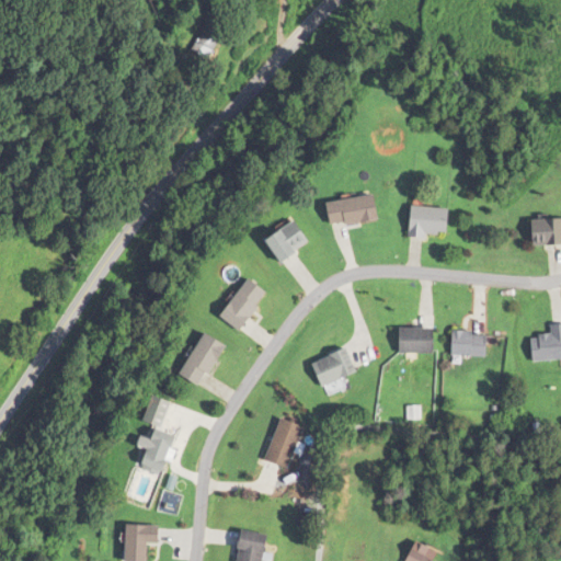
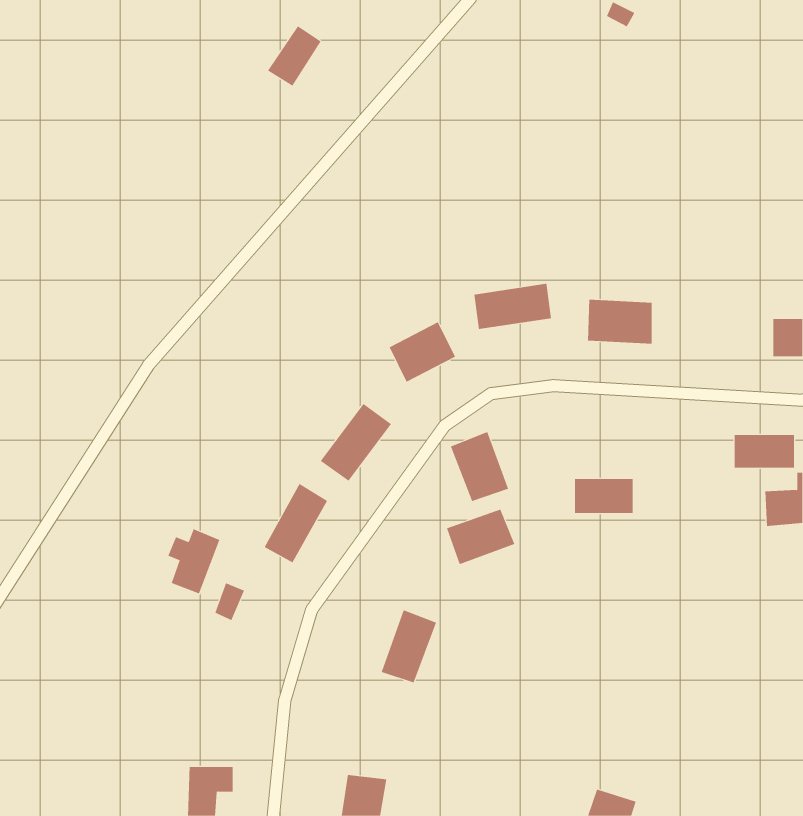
building: none -> [450,431,509,502]
building: [445,332,486,355] -> [734,435,795,468]
building: [140,428,176,473] -> [168,529,220,594]

